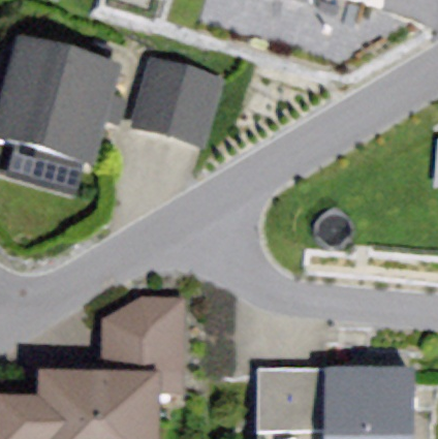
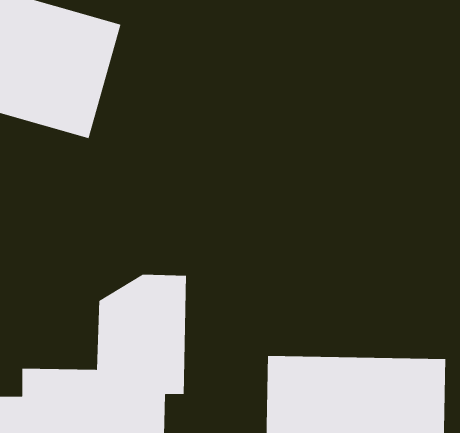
building: [132,52,225,145] -> none

